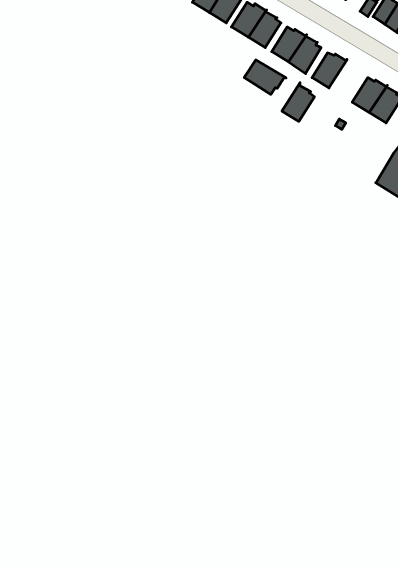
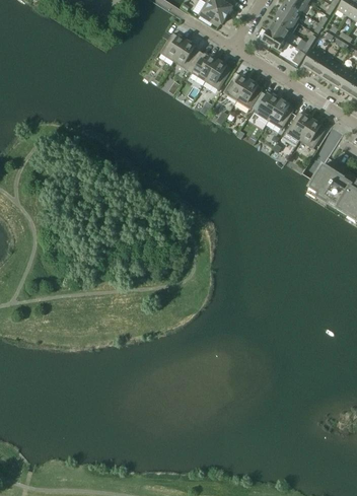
building: [244,60,286,94] -> none
building: [282,83,314,121] -> [268,97,293,128]

